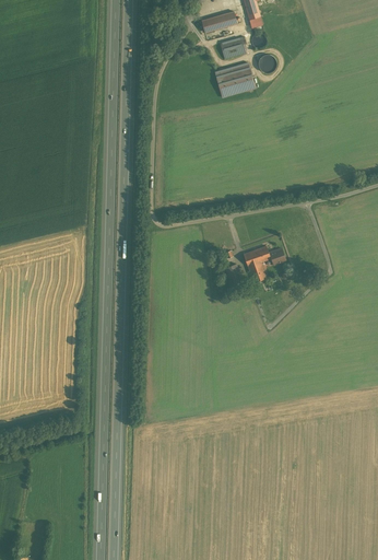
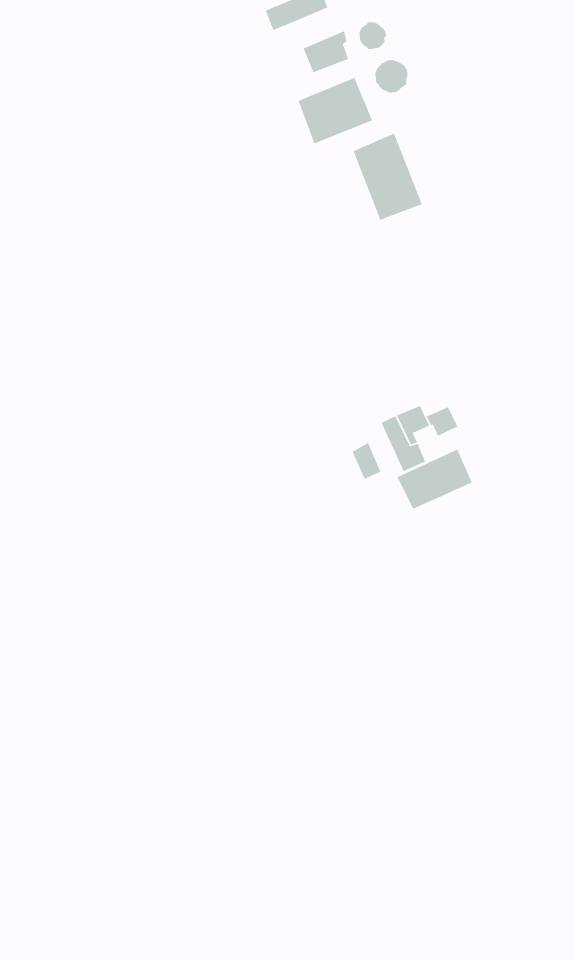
building: none -> [353,133,423,221]
building: none -> [396,449,473,510]

